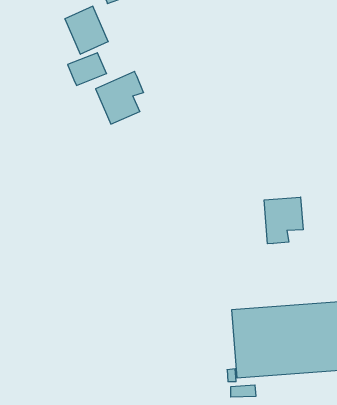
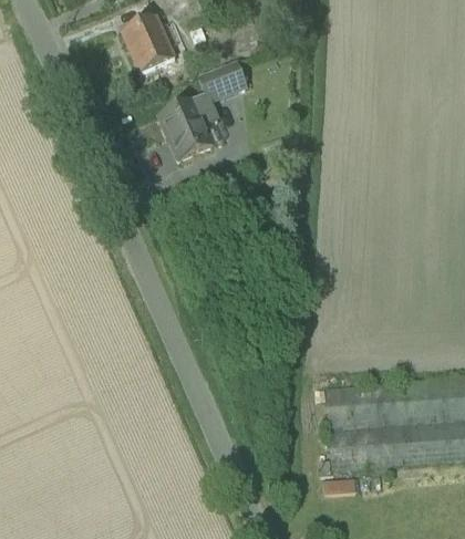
building: [68,53,107,85] -> [199,62,247,102]
building: [264,197,303,244] -> none

